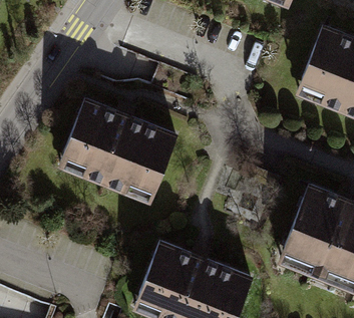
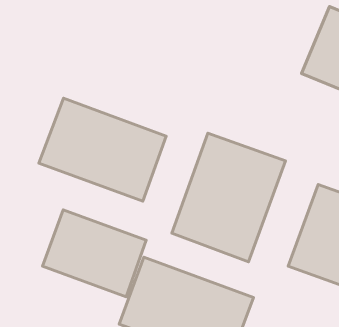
building: none -> [172,133,285,262]
building: none -> [42,210,146,297]

